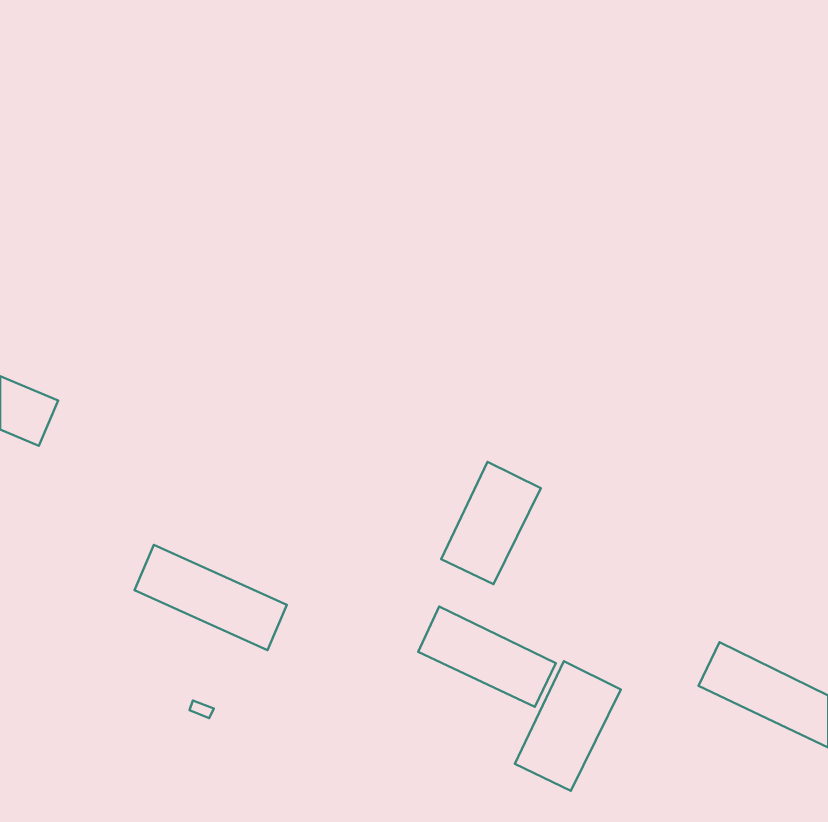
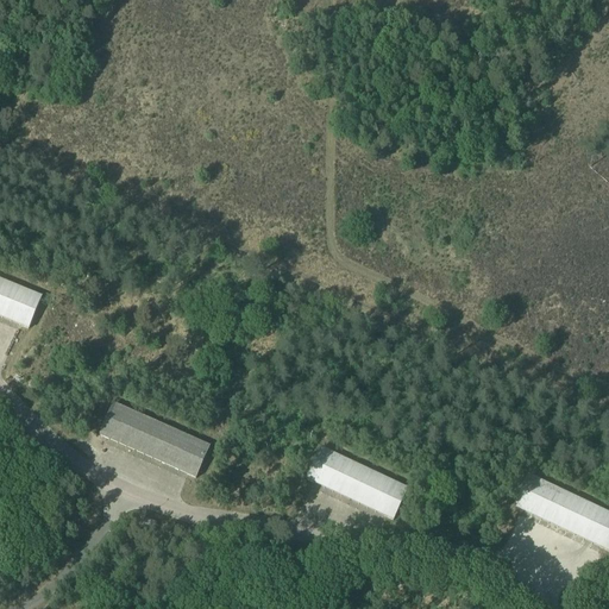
building: [441,462,541,584] -> none
building: [515,661,621,791] -> none

